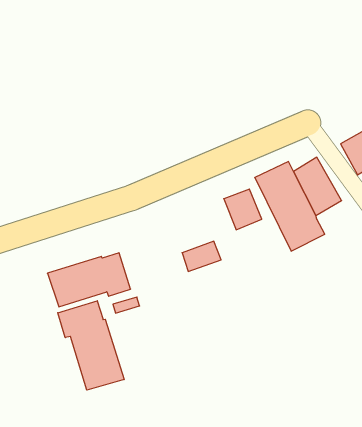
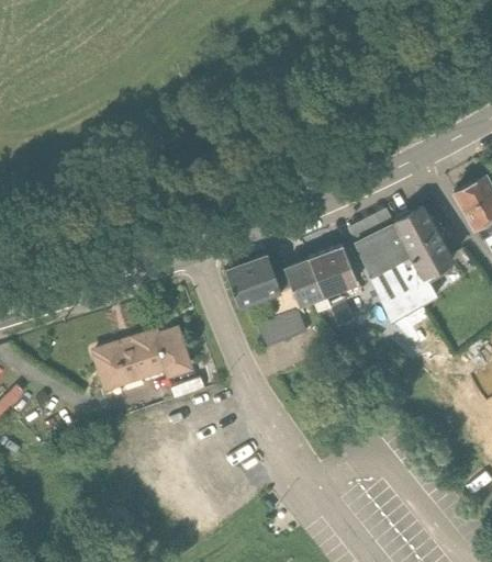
building: none -> [225,256,281,308]
building: none -> [283,258,324,306]
building: [58,301,124,390] -> none

